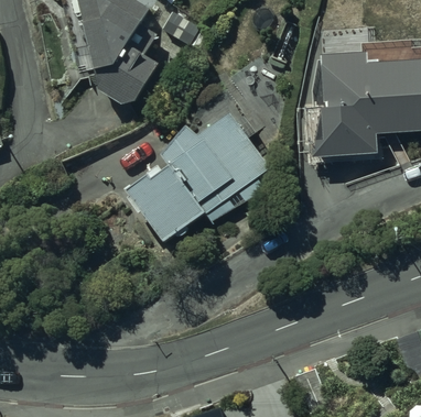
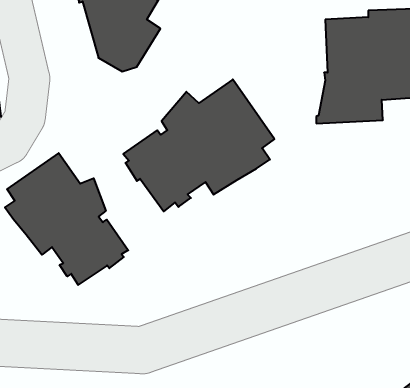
building: none -> [5,153,128,285]

